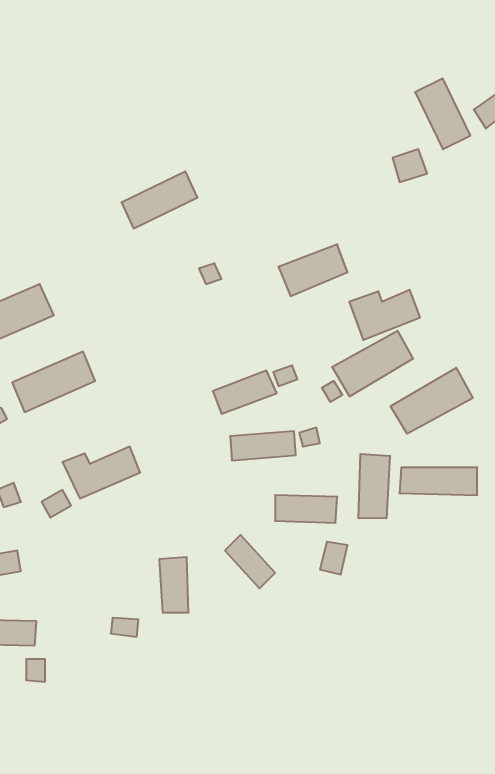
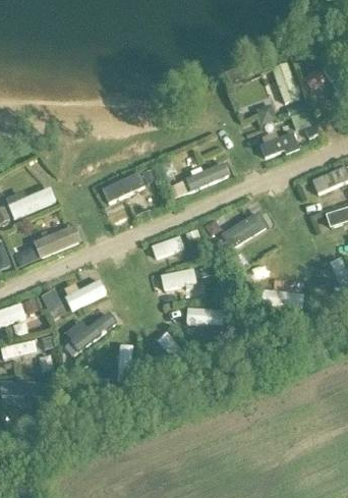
building: [121,171,197,229] -> [99,171,143,205]
building: [349,290,420,340] -> [258,130,300,160]
building: [391,368,473,434] -> none
building: [359,454,390,518] -> none
building: none -> [64,312,118,352]

